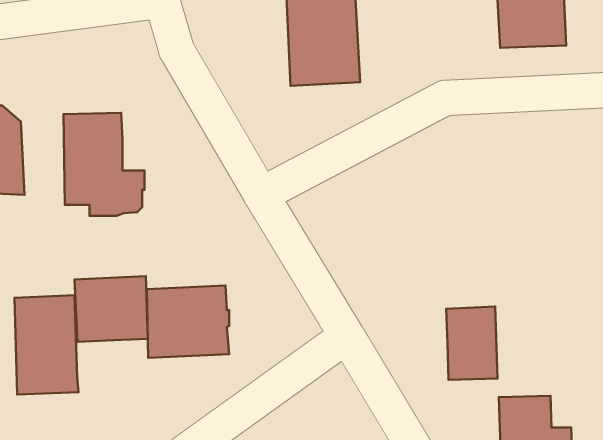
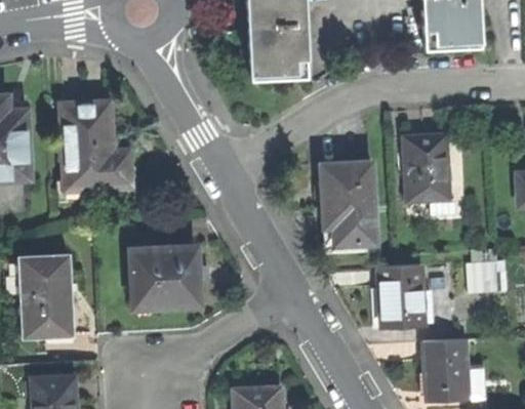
building: none -> [405,132,465,221]
building: none -> [322,161,375,244]
building: [74,276,148,342] -> none
building: none -> [468,260,499,294]

